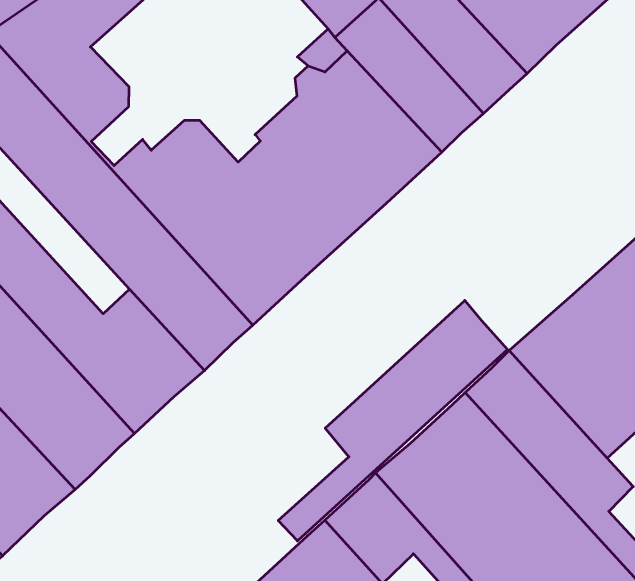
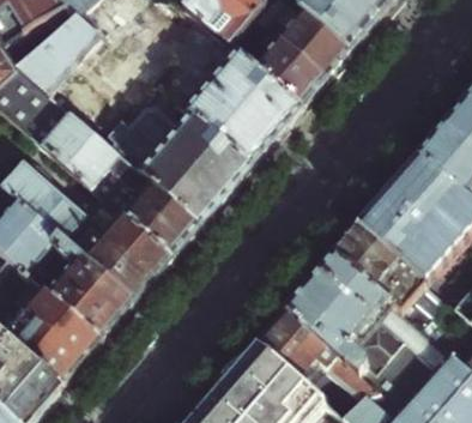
building: [278,300,508,541] -> none

